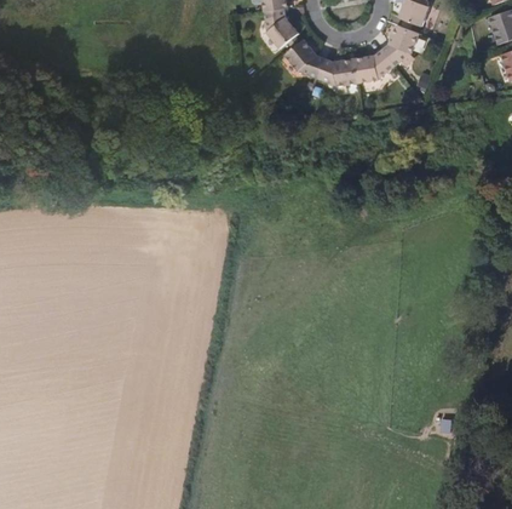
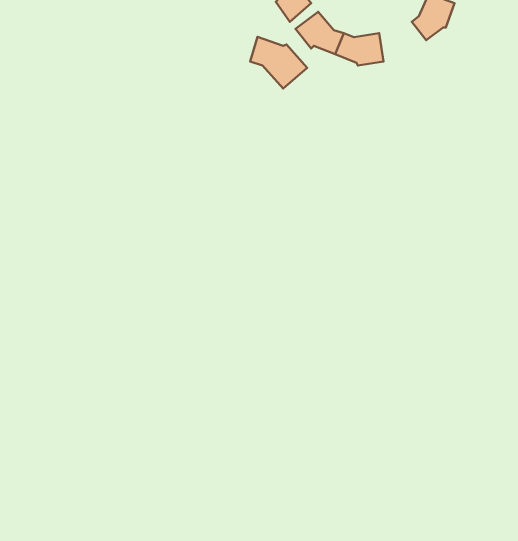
building: [355,47,395,81] -> none
building: none -> [250,37,307,89]

